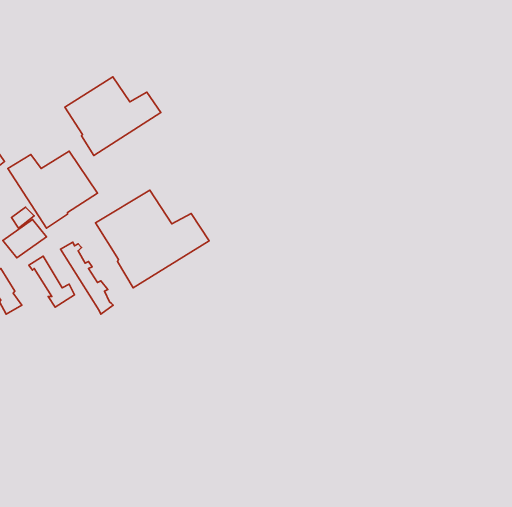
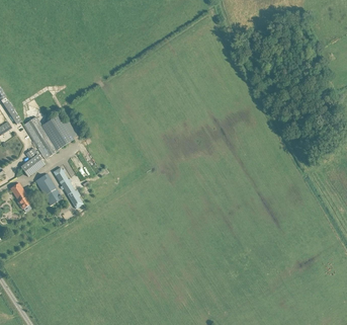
building: [65,77,161,156] -> none
building: [96,190,209,288] -> none

